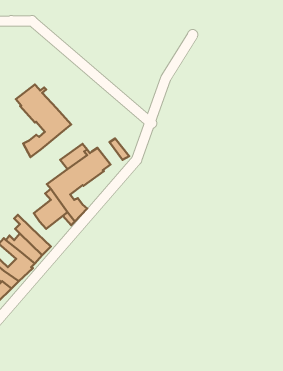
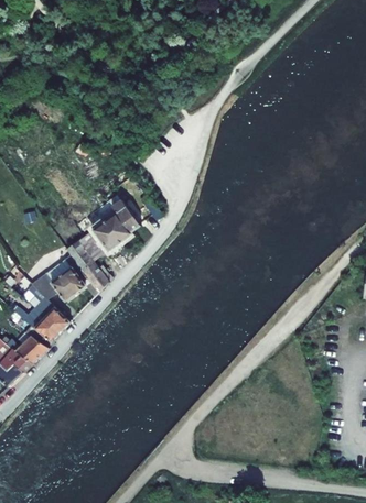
building: [16,85,71,157] -> none
building: none -> [30,260,69,300]

